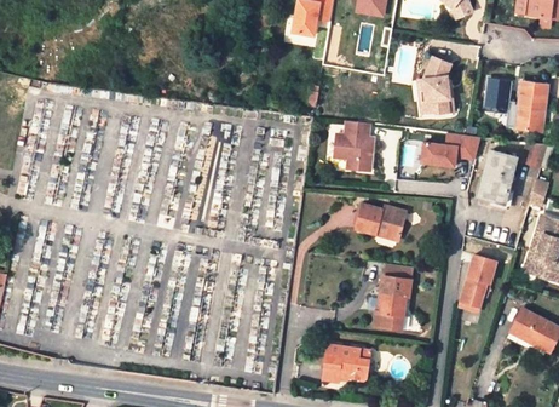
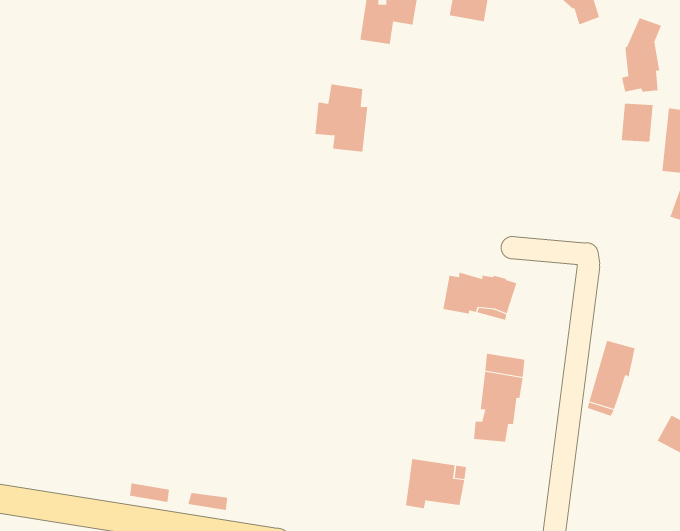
building: [421,58,451,114] -> [621,18,662,92]
building: [334,121,374,172] -> [314,84,368,152]
building: [421,134,477,166] -> none
building: [479,153,518,205] -> none

